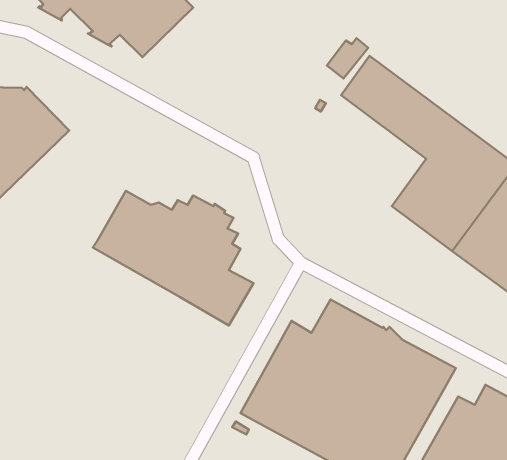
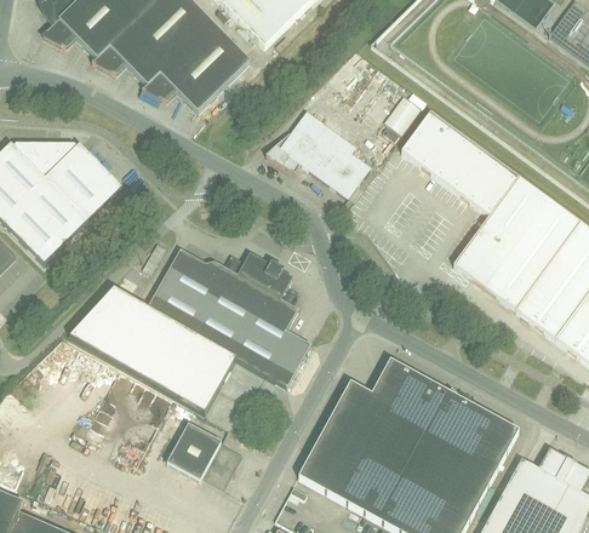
building: none -> [265,116,370,195]
building: none -> [69,286,236,412]
building: none -> [166,422,241,487]

